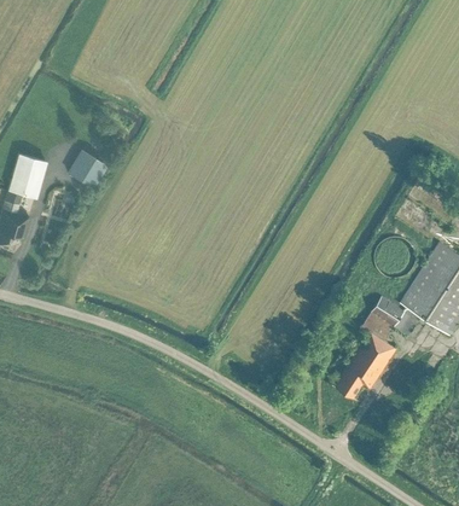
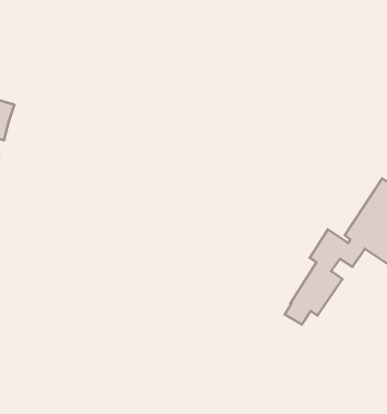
building: [66,151,108,190] -> none

